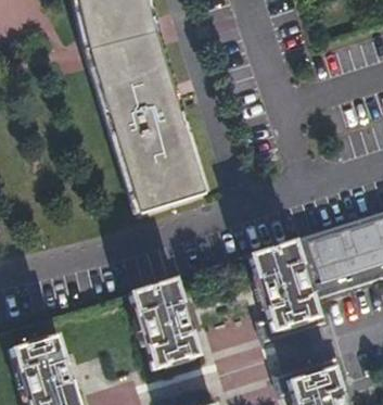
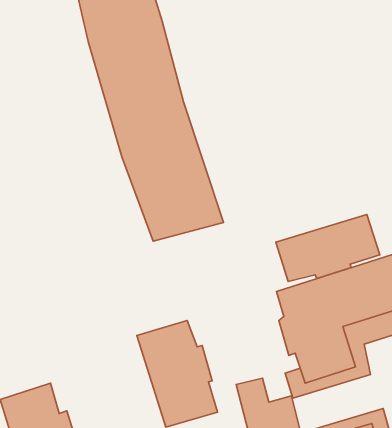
building: none -> [276,214,380,282]

